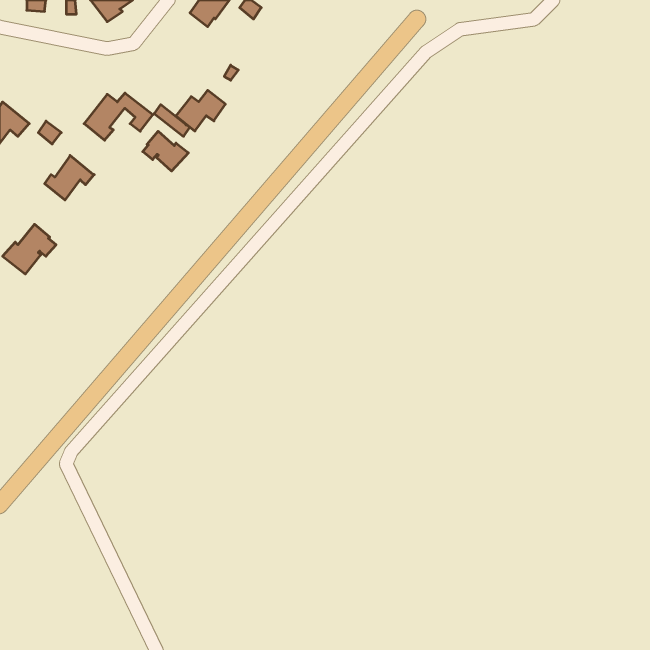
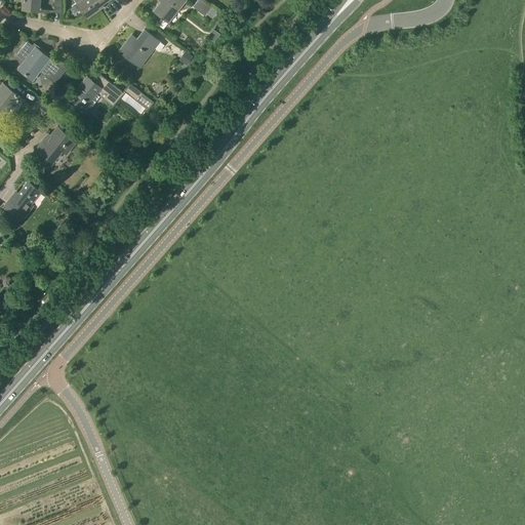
building: none -> [16,42,67,84]
building: [176,90,225,131] -> [118,31,158,64]
building: [143,131,188,171] -> none

